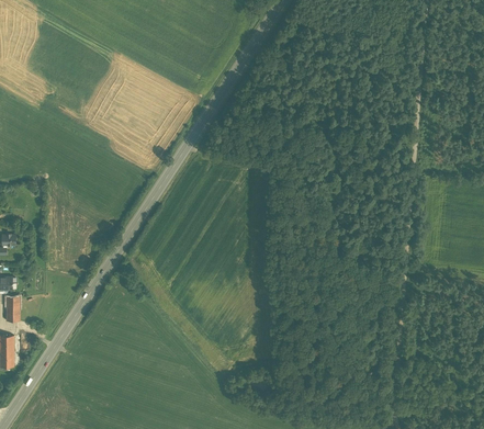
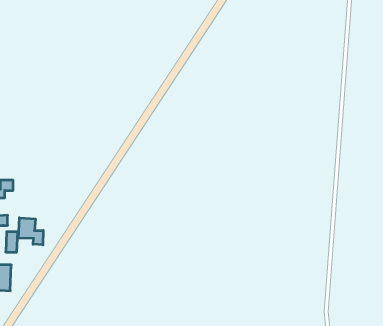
building: none -> [18,218,43,245]

